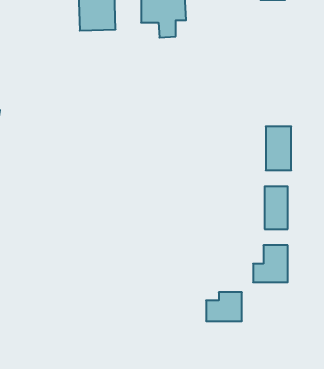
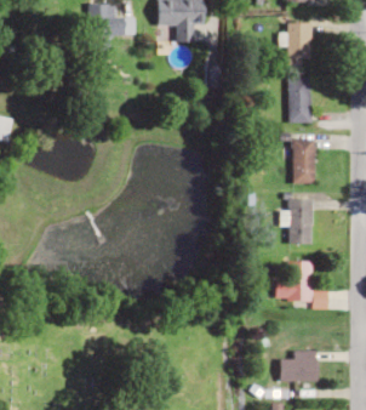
building: none -> [287,23,310,61]
building: none -> [287,76,310,123]
building: [206,292,242,321] -> [280,351,318,381]

